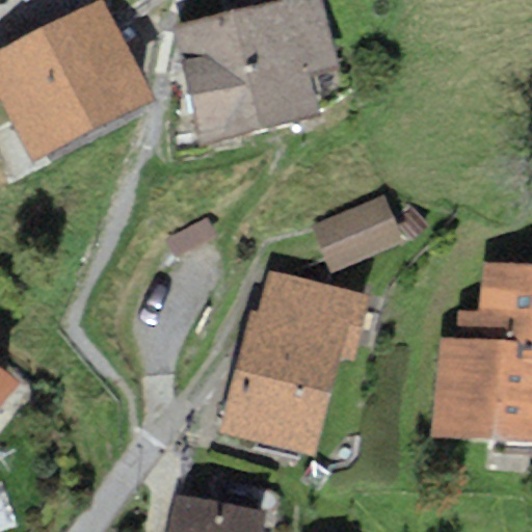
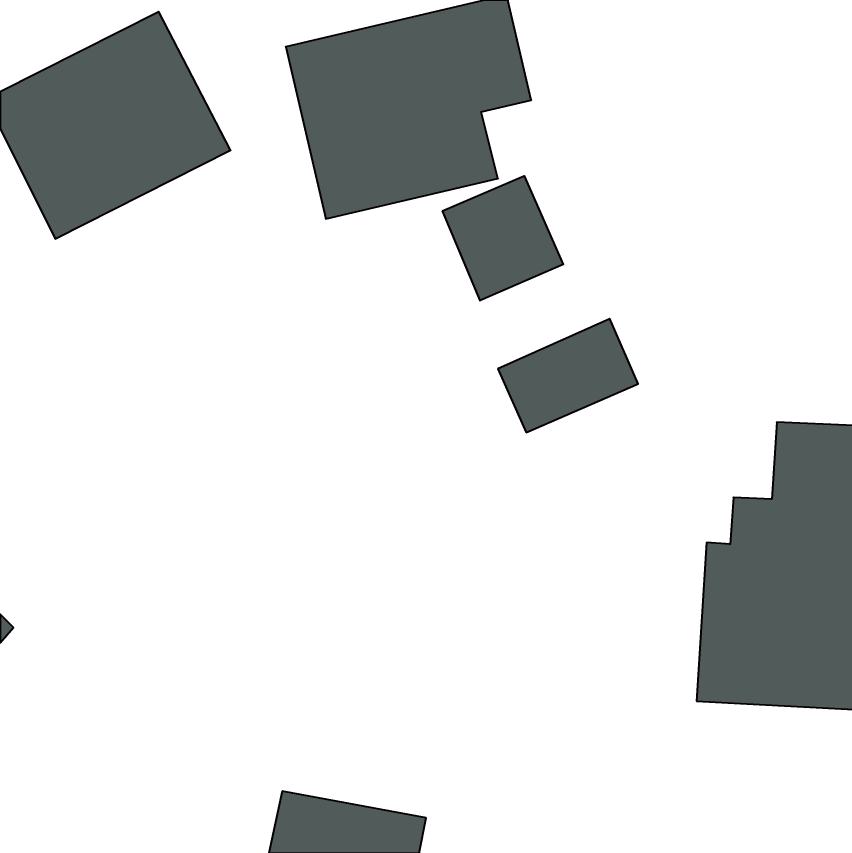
building: none -> [443,176,563,301]
building: [223,267,360,451] -> none

